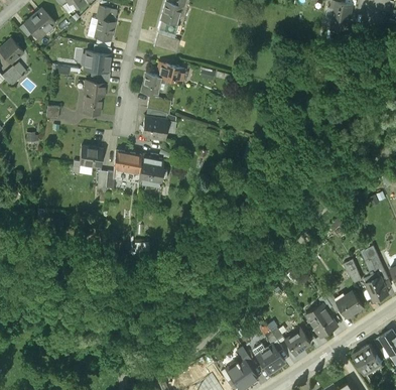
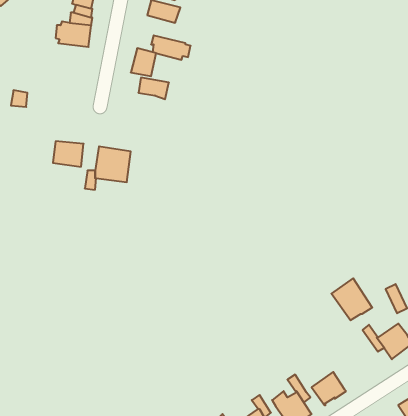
building: [83,81,106,115] -> none
building: [142,116,167,139] -> none
building: [138,152,166,181] -> none
building: [305,302,338,336] -> [331,278,372,320]

